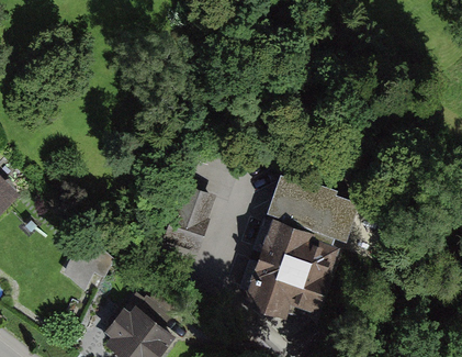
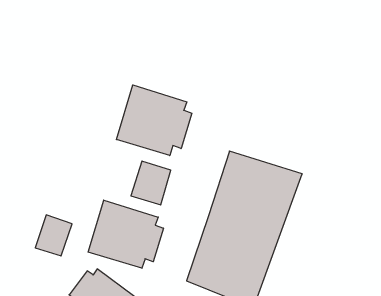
building: none -> [116,85,192,156]
building: none -> [88,200,163,268]

